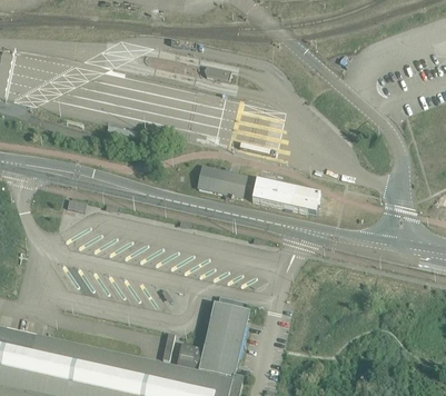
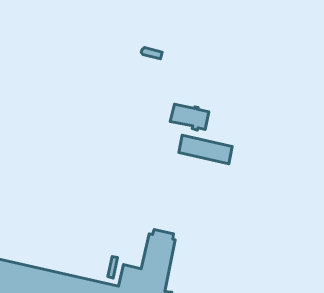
building: [196,168,245,201] -> [170,104,209,130]

